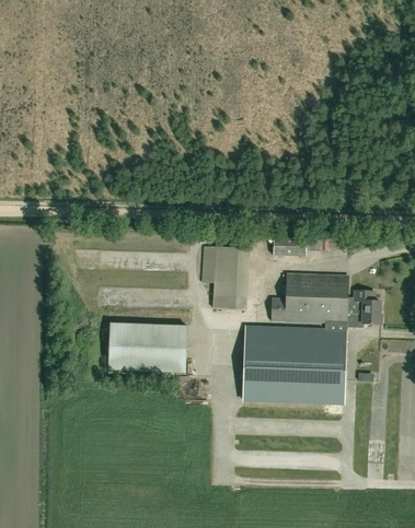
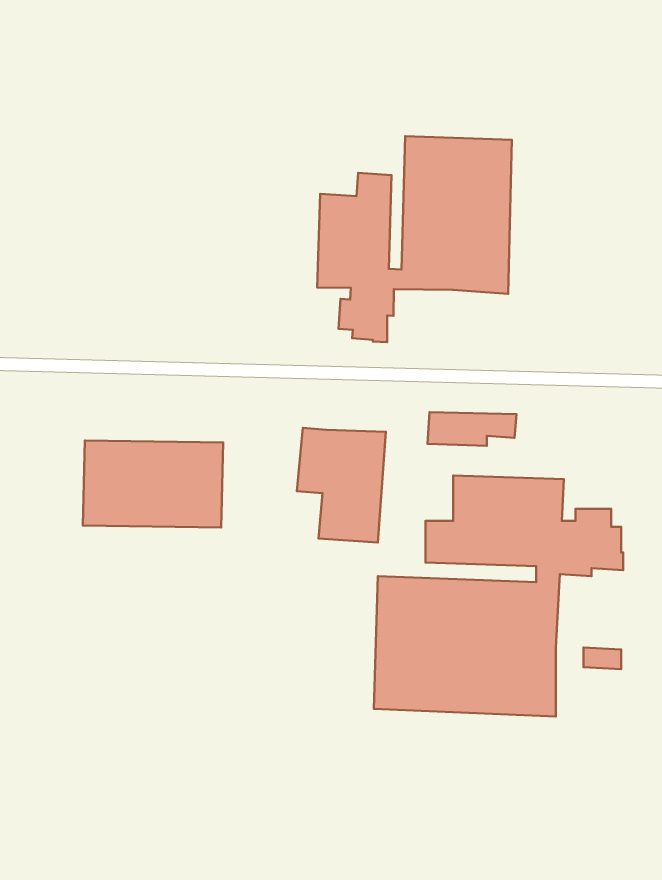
building: none -> [317,136,512,342]
building: [108,324,186,372] -> [83,441,223,528]

